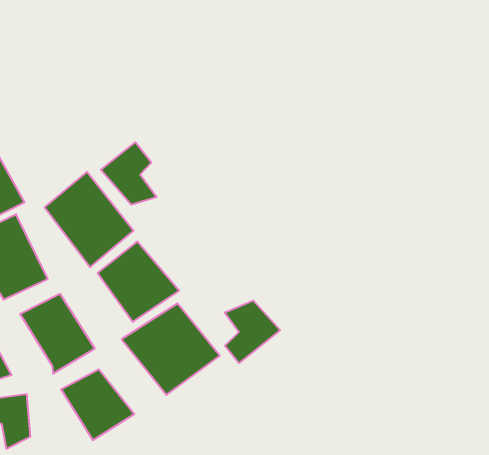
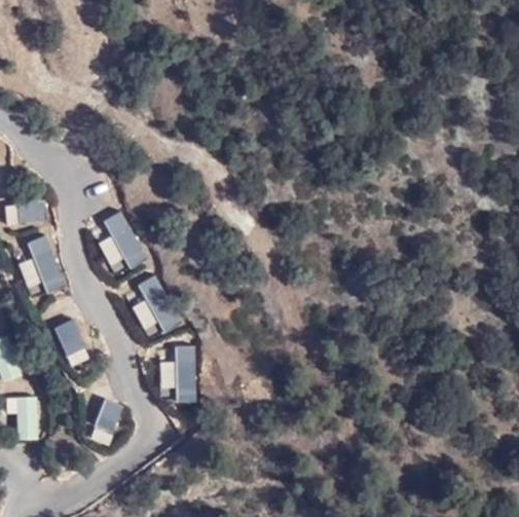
building: [101,142,157,205] -> none
building: [225,300,280,363] -> none

